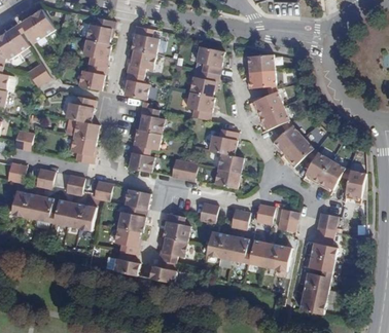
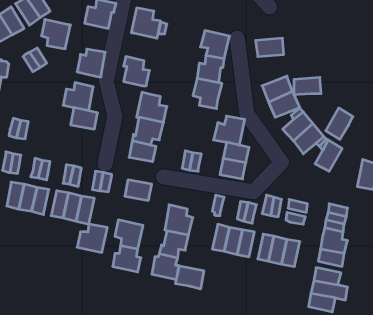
building: [83,40,111,68] -> [41,19,71,49]
building: [126,49,155,76] -> none
building: [251,70,277,86] -> [294,77,321,95]
building: [71,137,96,163] -> none
building: [319,159,345,189] -> [326,108,353,139]
building: [118,206,147,232] -> [77,224,107,252]
building: none -> [176,266,204,289]

